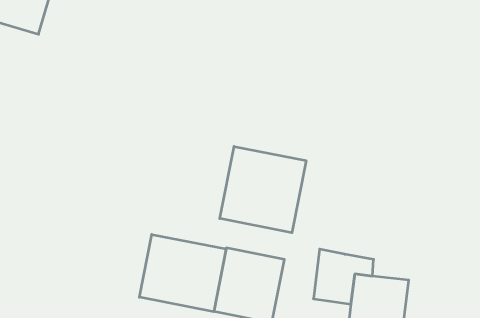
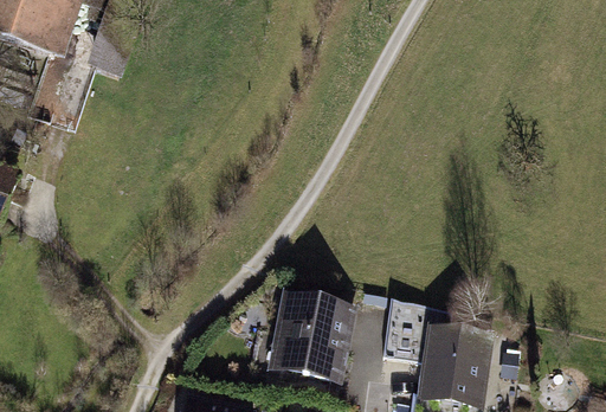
building: [220,146,306,233] -> none
building: [139,234,226,312] -> none

